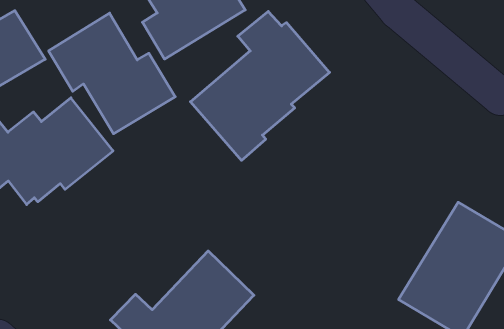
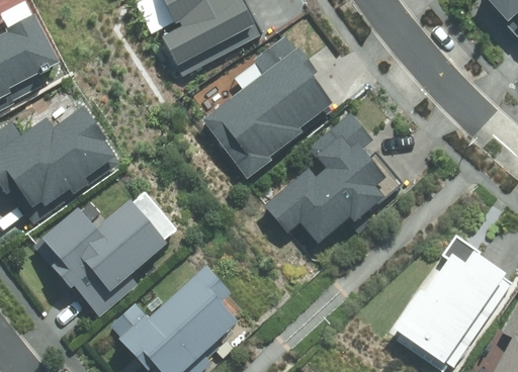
building: [49,13,175,134] -> none
building: none -> [264,113,387,244]
building: none -> [34,199,168,316]

